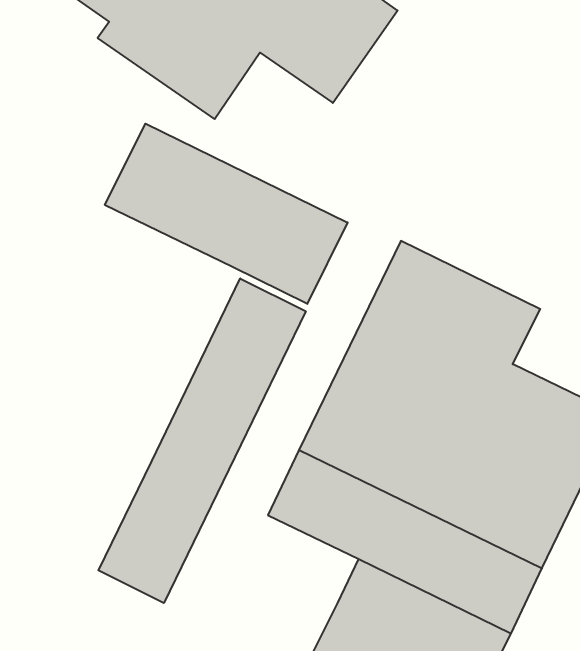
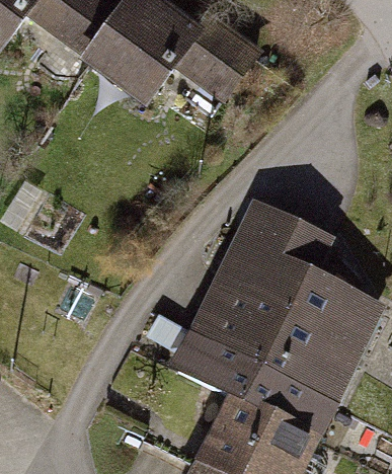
building: [105,124,348,304] -> none
building: [98,278,306,603] -> none

